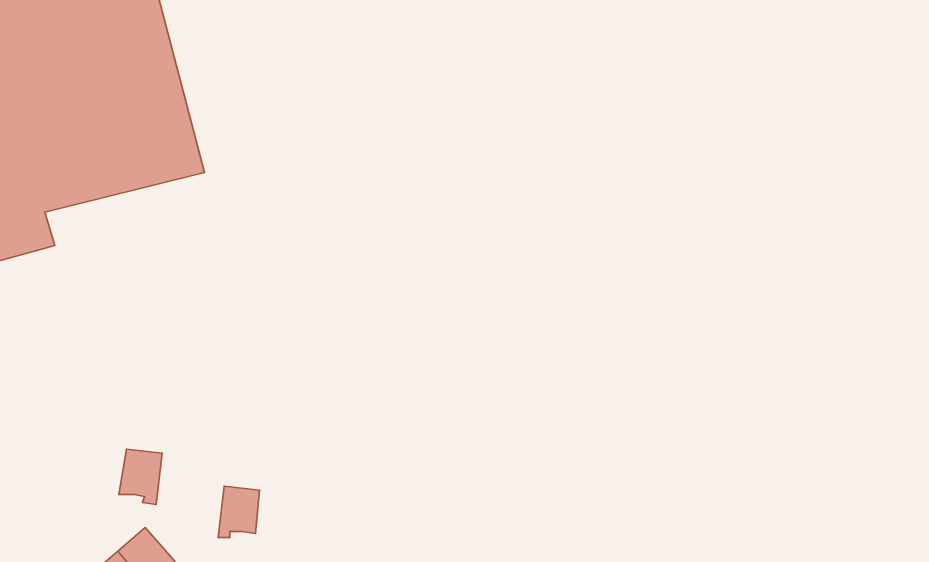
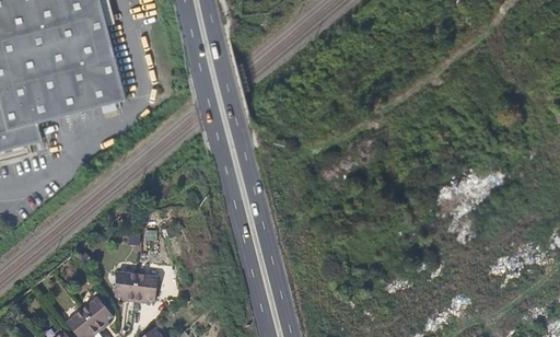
building: [119,449,162,504] -> [113,270,137,301]

